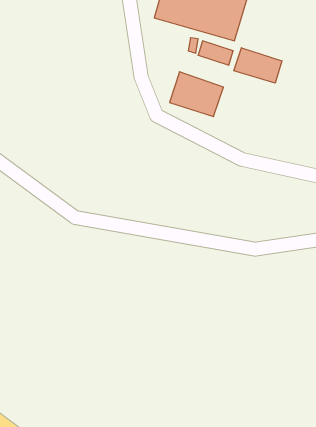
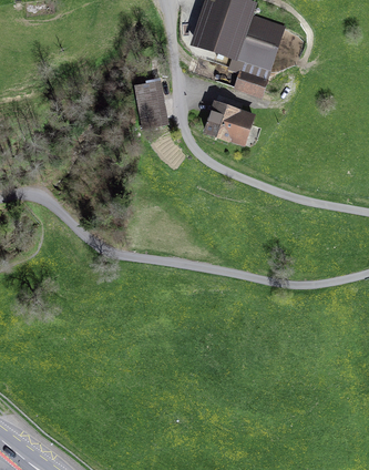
building: [234,48,282,83] -> none
building: none -> [135,83,171,129]

